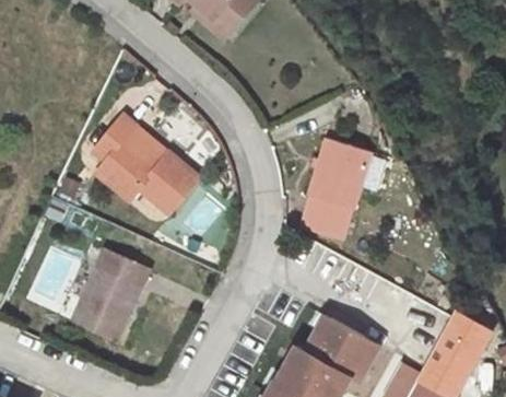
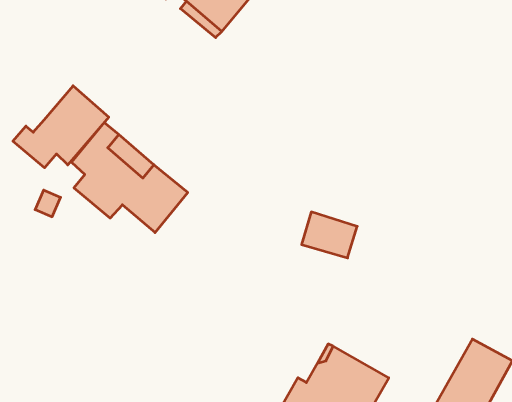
building: none -> [13,86,109,168]
building: [307,138,370,209] -> none
building: [73,249,148,338] -> none

